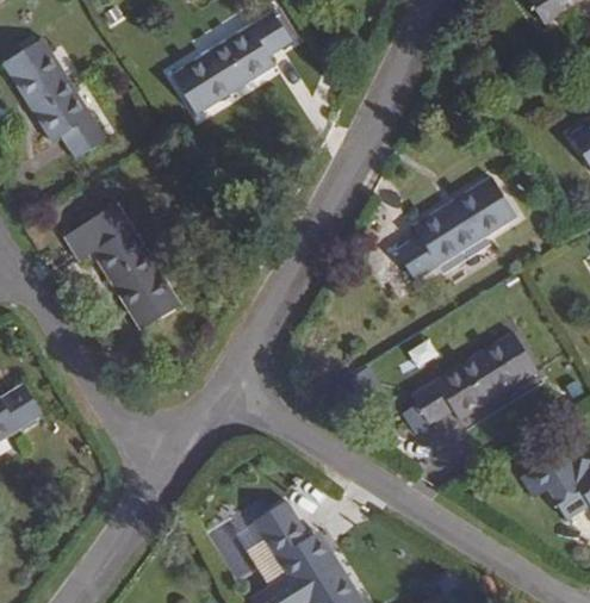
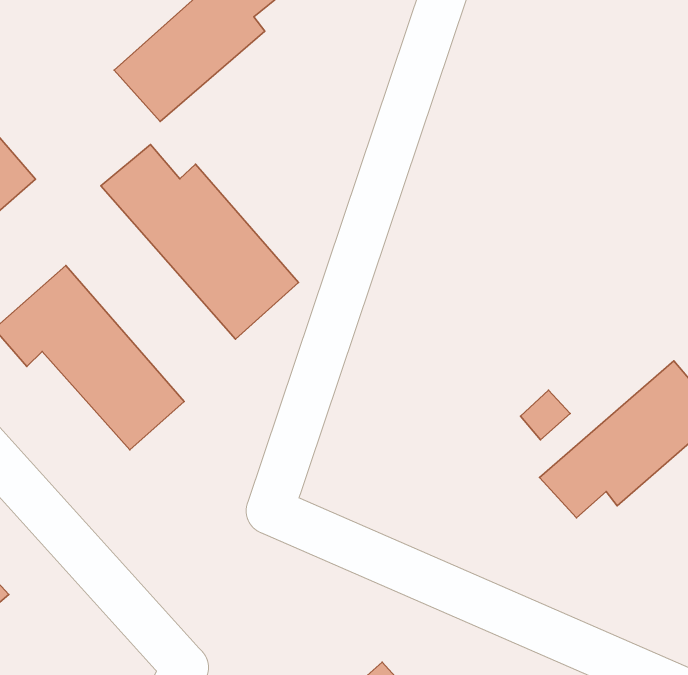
building: none -> [101,145,298,339]
building: [396,176,516,281] -> none

